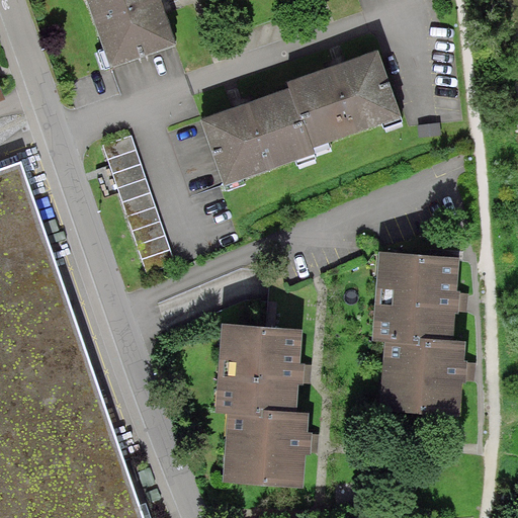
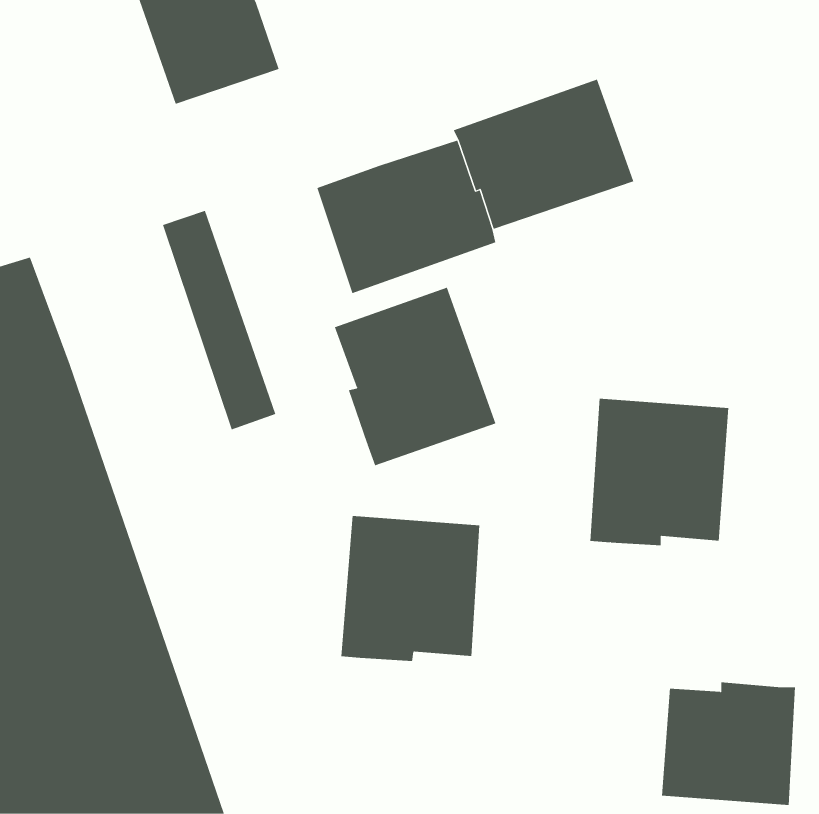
building: none -> [334,287,496,466]
building: [379,338,464,416] -> [661,682,796,806]
building: [223,411,308,489] -> none

